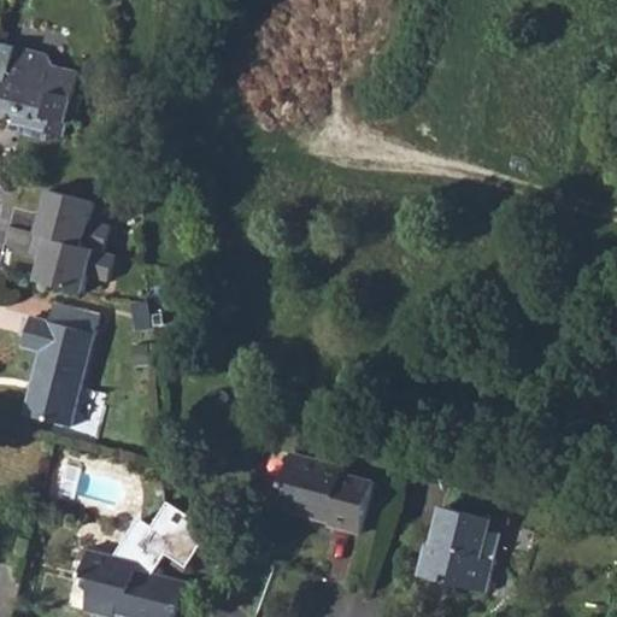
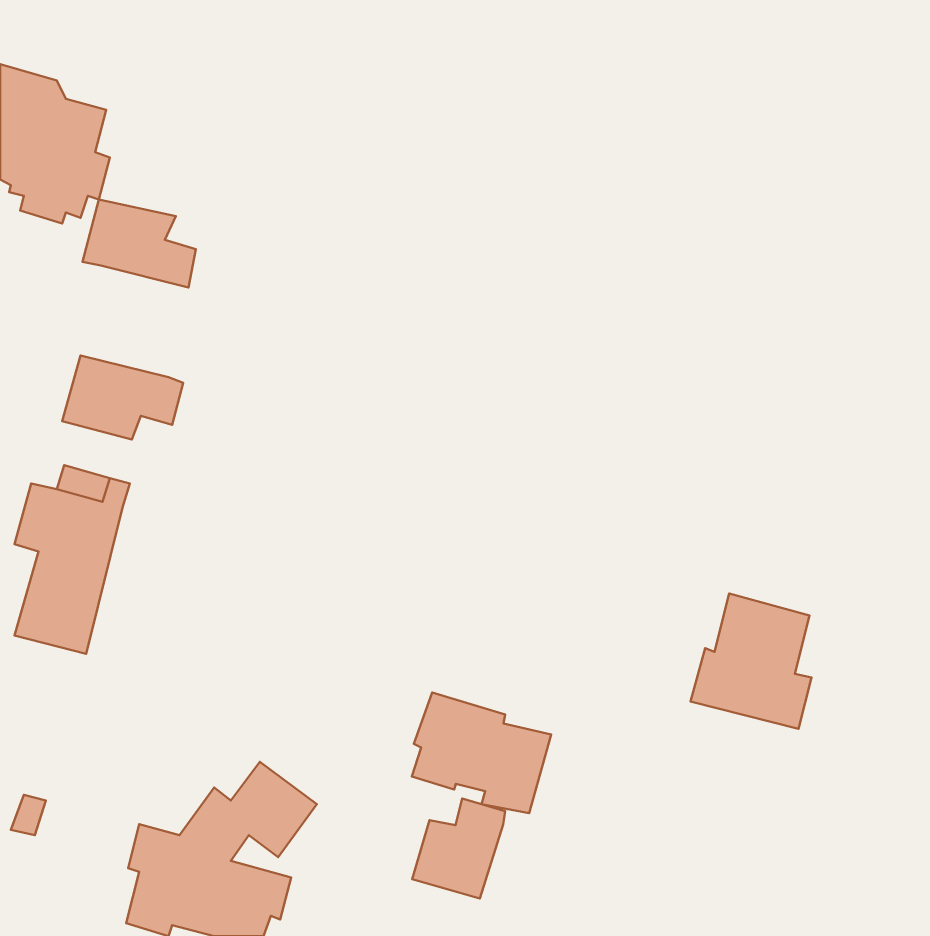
building: [45,190,119,248] -> [82,200,196,288]
building: [411,507,490,597] -> [691,593,811,729]
building: none -> [412,798,505,899]

